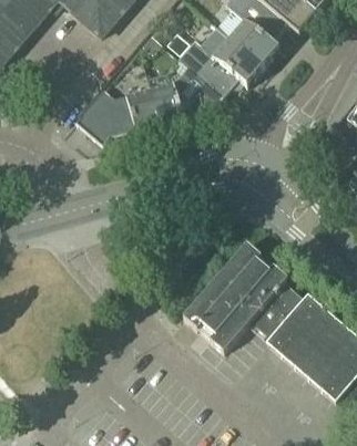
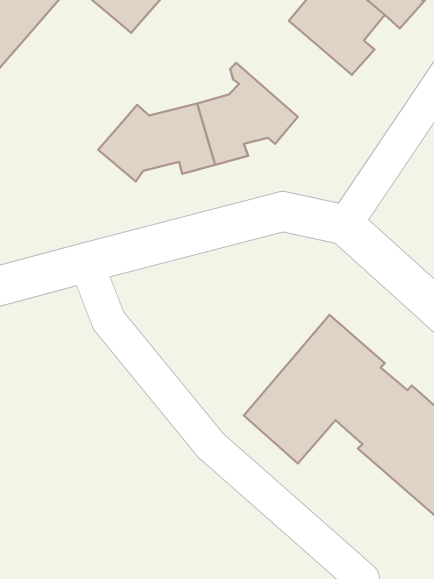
building: [177,27,263,97] -> none

